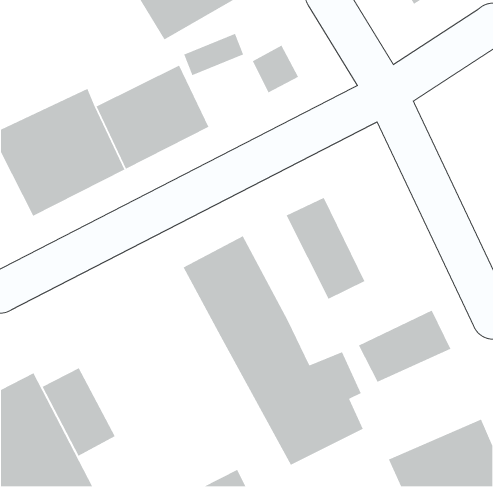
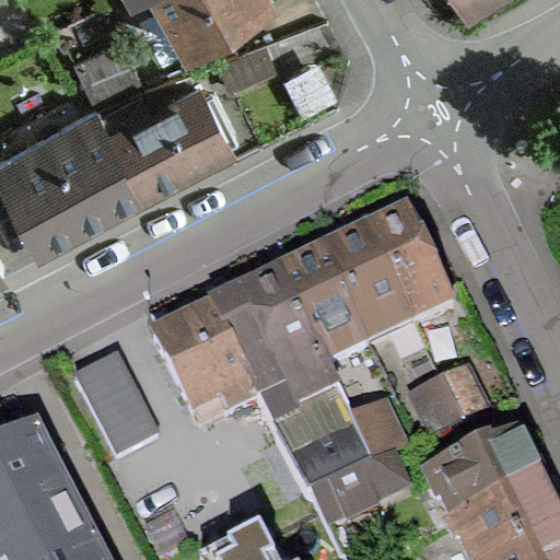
building: none -> [368,202,457,319]
building: none -> [276,244,372,363]
building: none -> [147,303,249,415]
building: [41,367,116,457] -> [75,352,160,454]
building: none -> [420,424,546,521]

